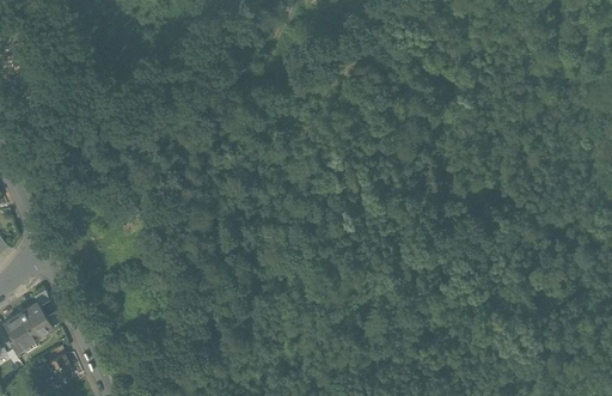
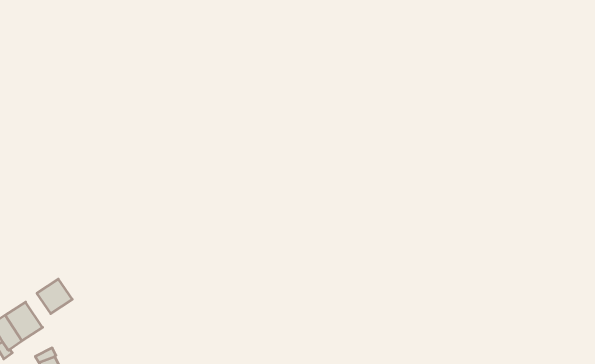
building: none -> [37,279,72,314]

